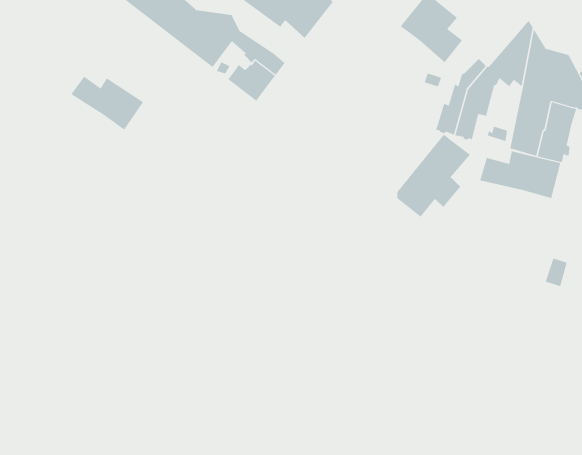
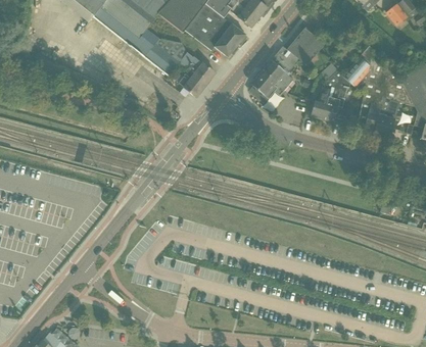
building: [71,76,144,130] -> none
building: [397,134,471,218] -> [252,46,299,99]
building: [480,151,561,199] -> none

